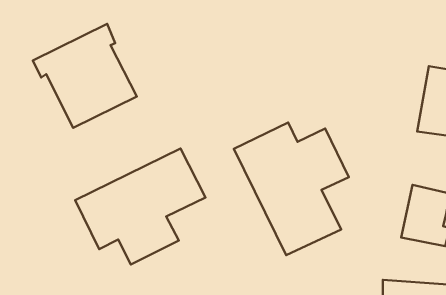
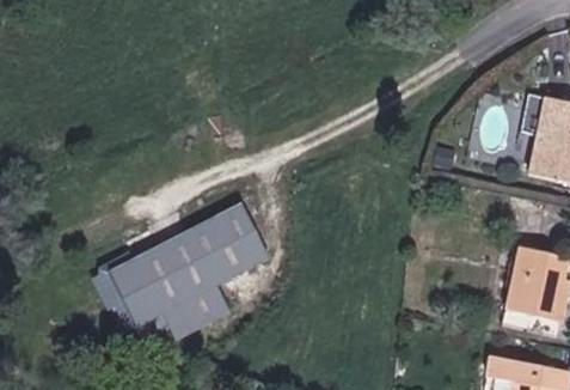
building: [33,24,137,128] -> none
building: [234,122,349,255] -> none

